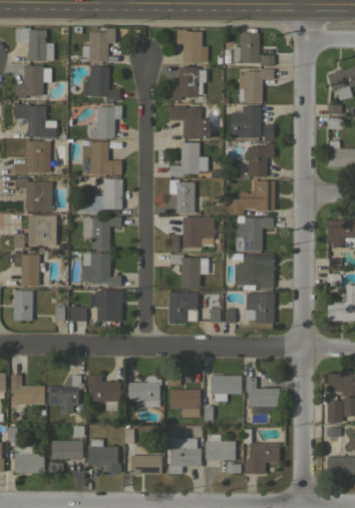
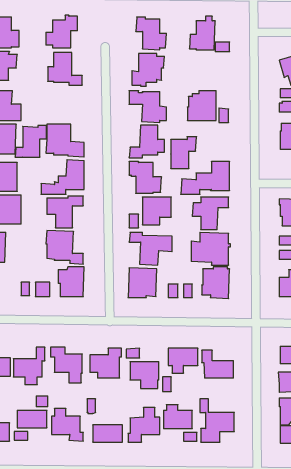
building: [240,69,275,103] -> none
building: [89,105,122,138] -> [15,126,47,157]
building: [248,143,275,176] -> [171,137,197,168]

